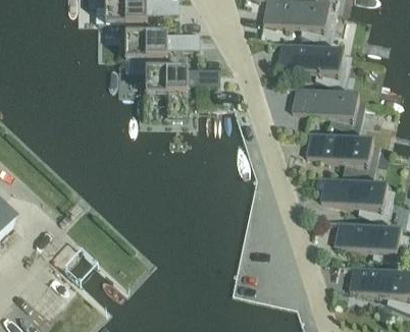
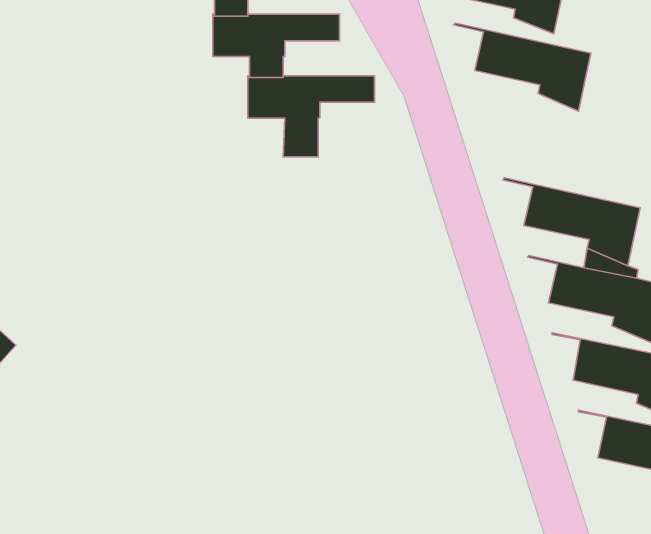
building: [279,80,359,131] -> none

